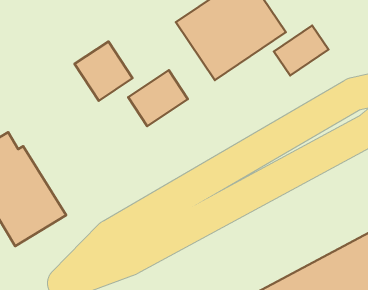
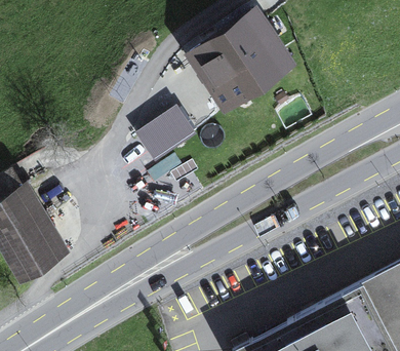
building: [274,26,328,76] -> none
building: [74,41,133,101] -> none

